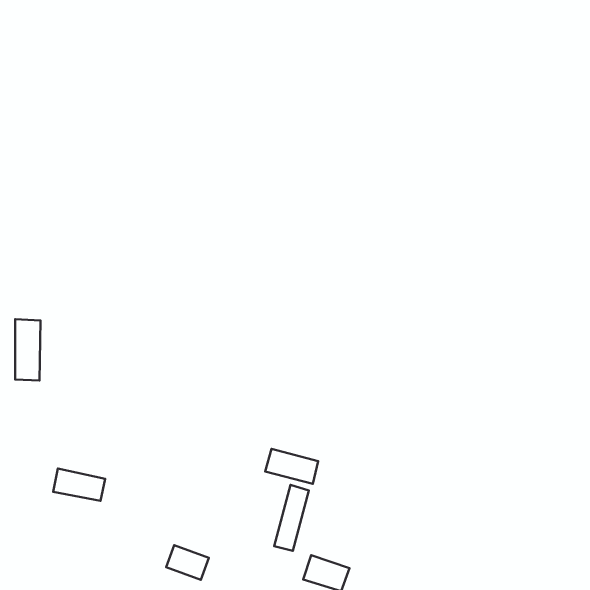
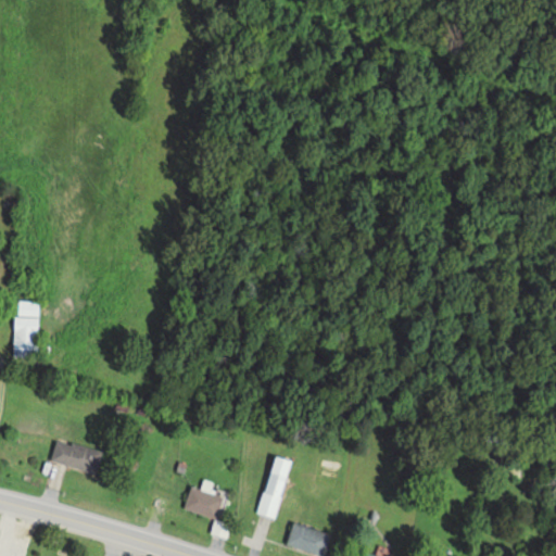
building: [265,449,318,484] -> none
building: [166,545,209,580] -> [184,486,224,519]

